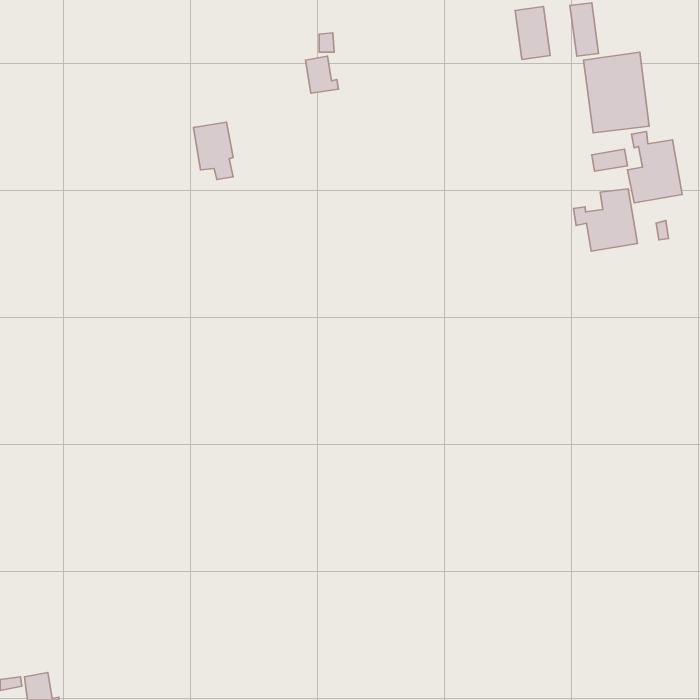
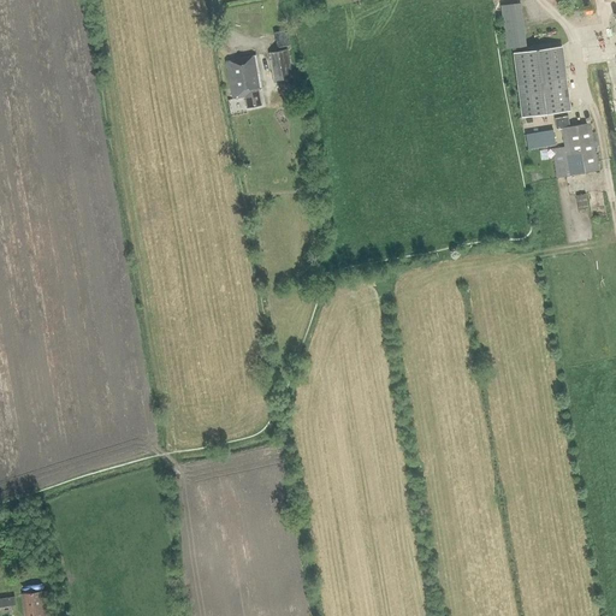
building: [515,7,550,59] -> none
building: [194,122,233,180] -> [226,57,261,107]
building: [574,189,638,251] -> none

